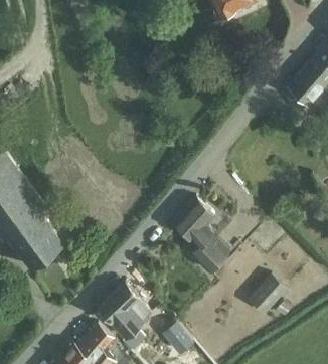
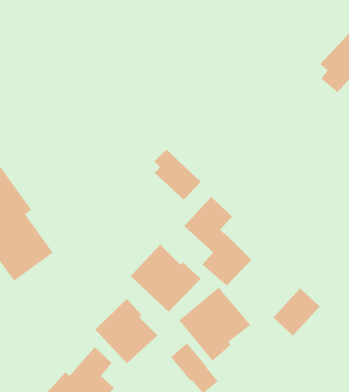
building: none -> [154,149,202,200]
building: none -> [130,244,202,313]
building: none -> [179,287,251,362]

